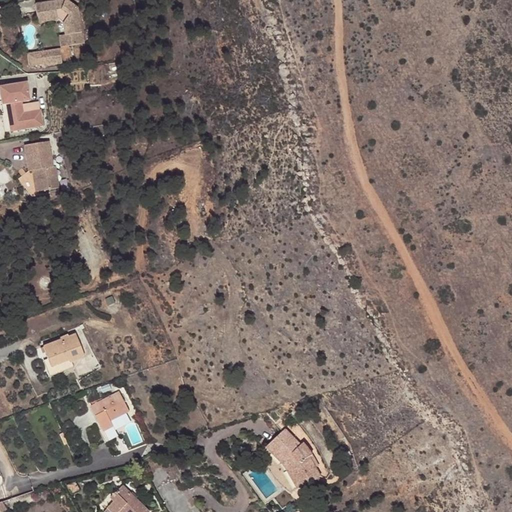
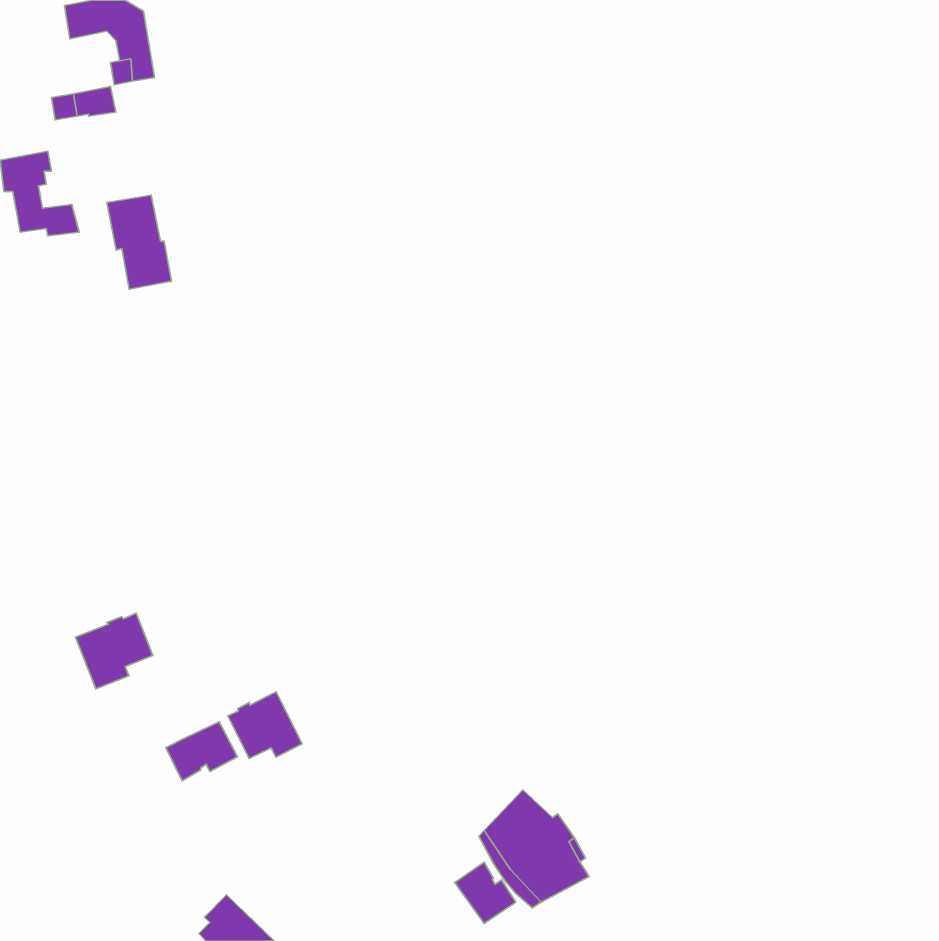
building: [24,141,59,192] -> [107,195,171,289]
building: none -> [228,692,302,759]
building: none -> [455,862,516,923]

